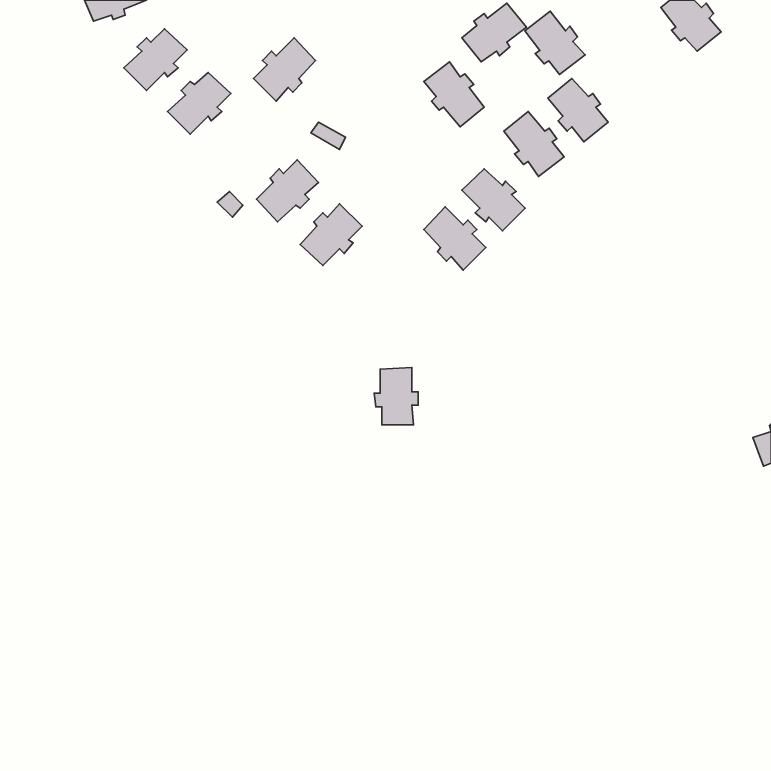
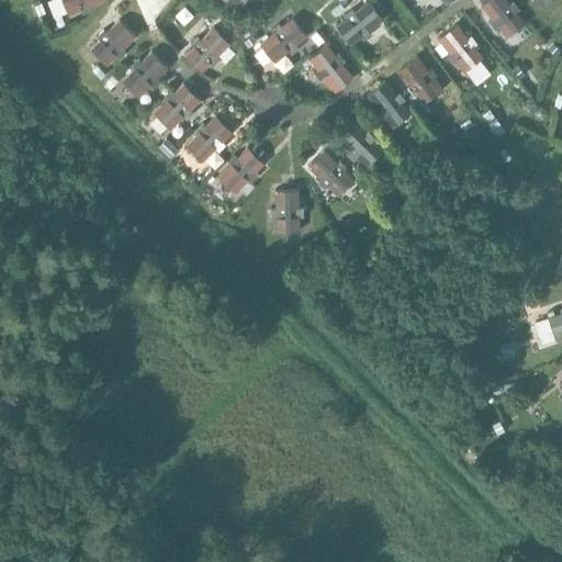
building: [525,11,585,75] -> [438,25,482,71]
building: none -> [260,19,307,63]
building: none -> [154,85,200,130]
building: [374,368,418,425] -> [271,190,303,232]

